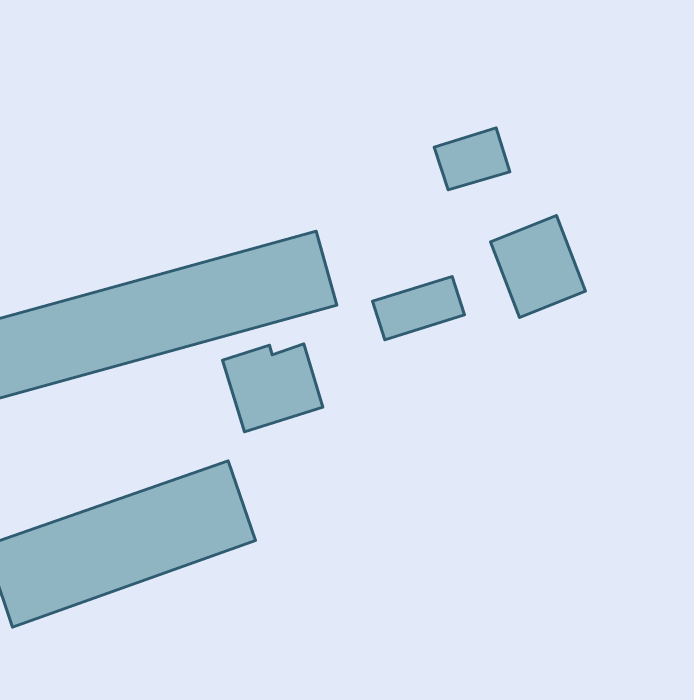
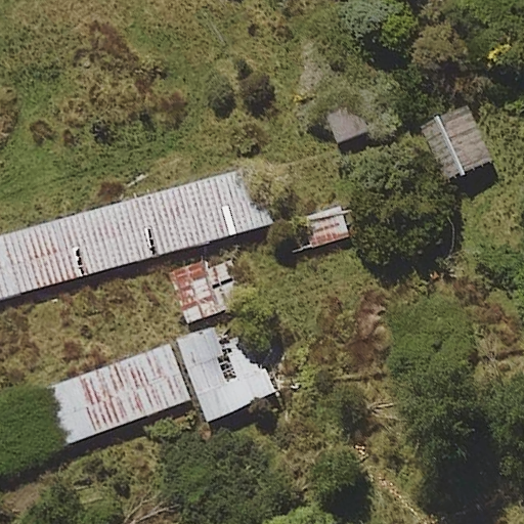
building: [491,216,585,317] -> [419,105,489,181]
building: none -> [177,329,276,421]

